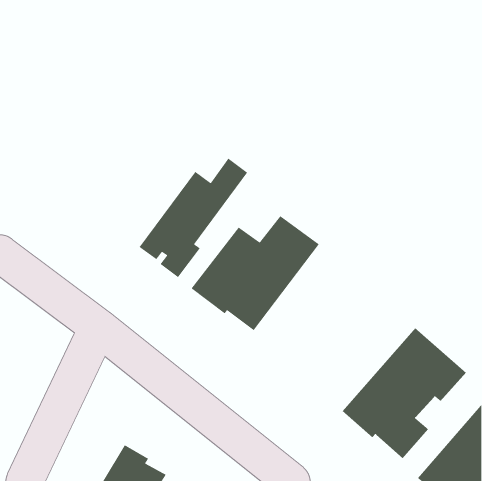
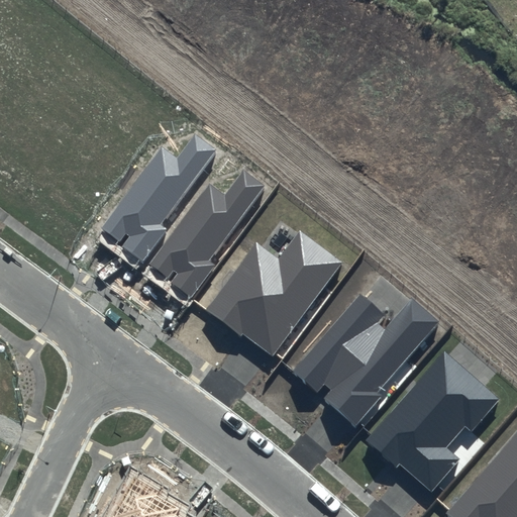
building: none -> [99,134,217,262]
building: none -> [291,293,438,426]

